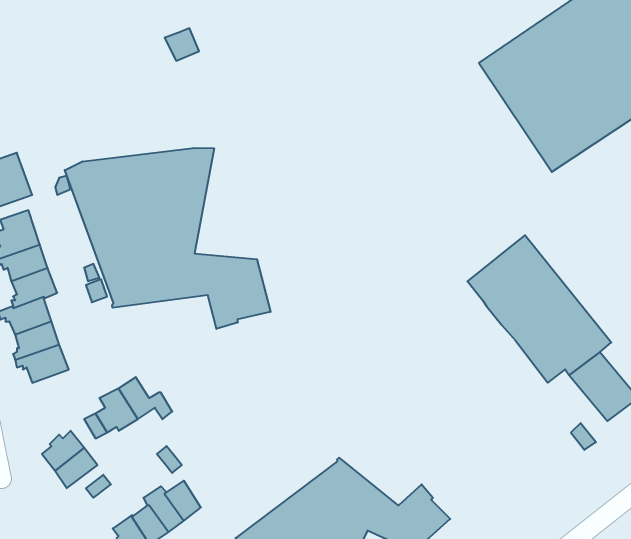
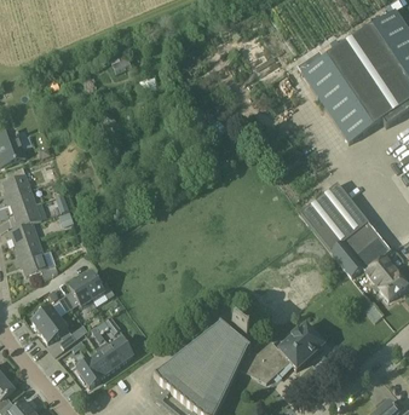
building: [65,148,271,329] -> none
building: none -> [277,324,323,369]

